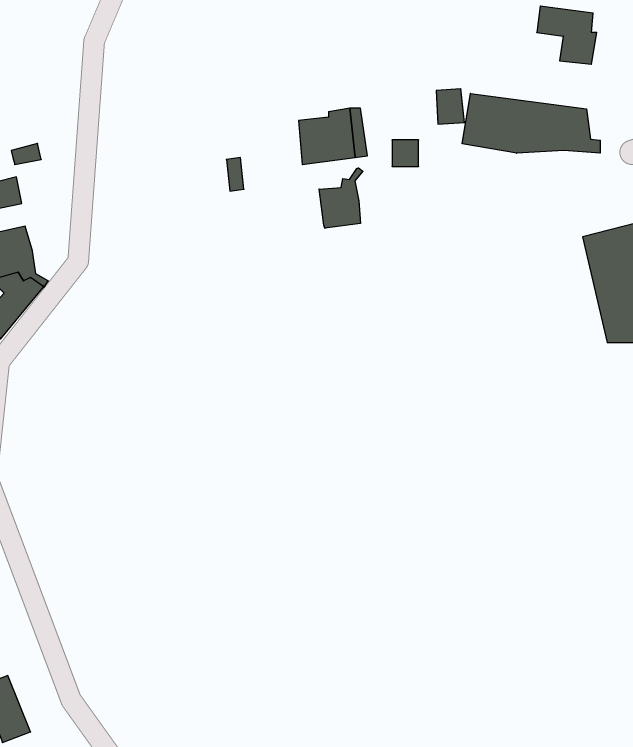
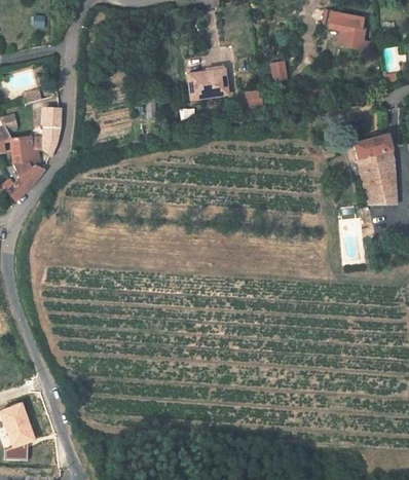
building: [462,93,600,153] -> none
building: [319,168,363,228] -> none
building: none -> [42,107,61,158]

